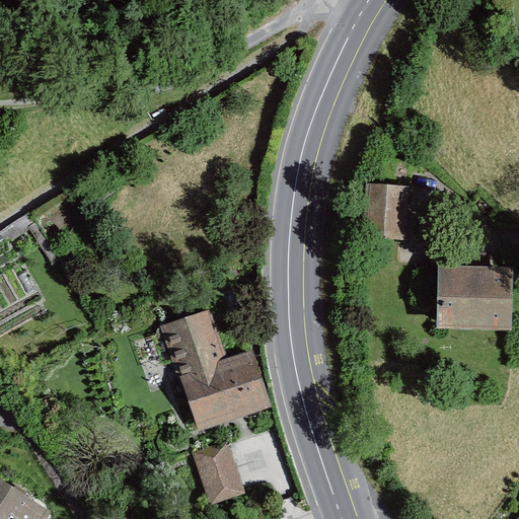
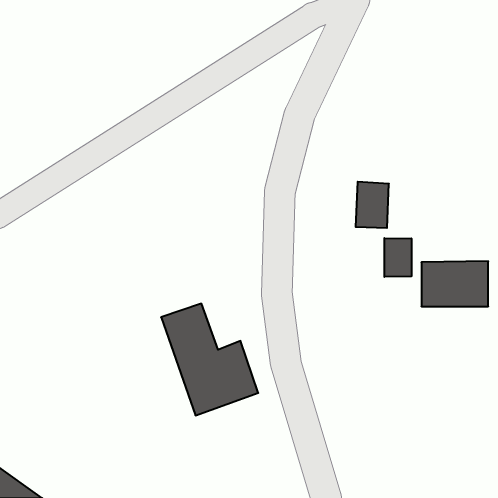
building: none -> [384,238,411,277]
building: [199,447,243,501] -> none

